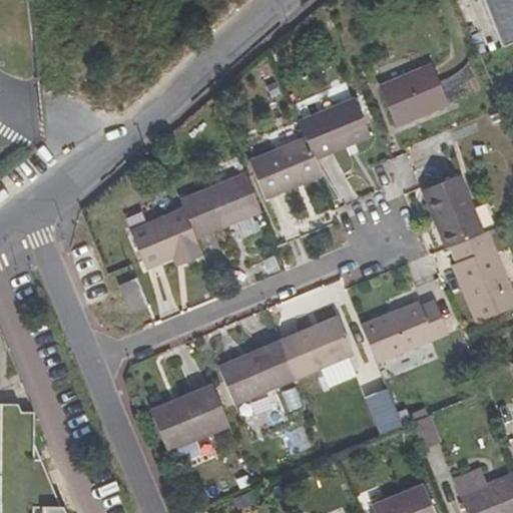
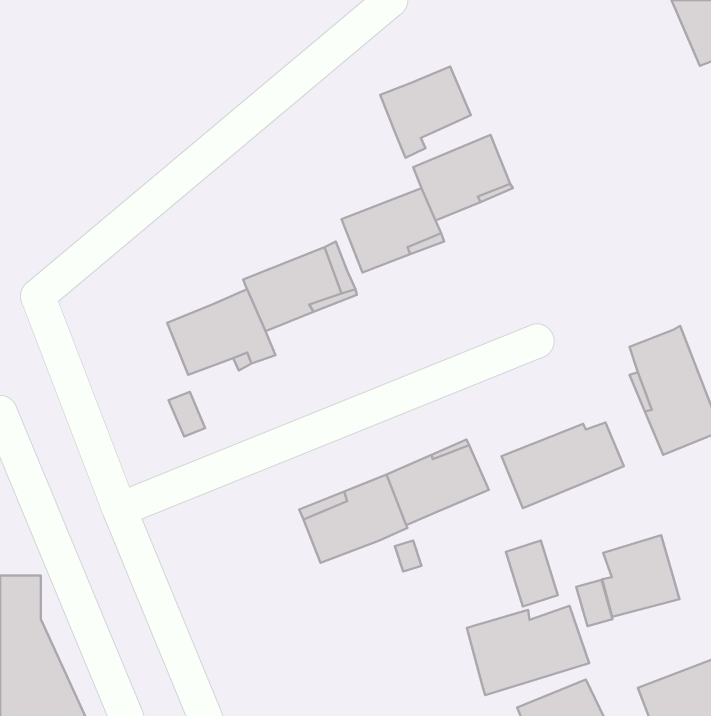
building: none -> [380,66,471,158]
building: [385,67,448,123] -> none
building: [423,178,485,252] -> none
building: none -> [602,535,679,617]
building: [152,384,229,448] -> none
building: none -> [467,606,589,695]

